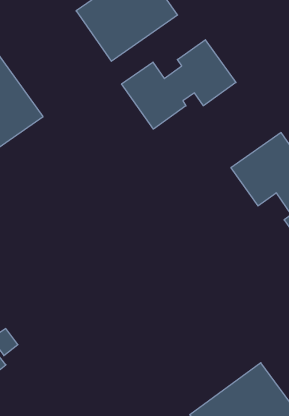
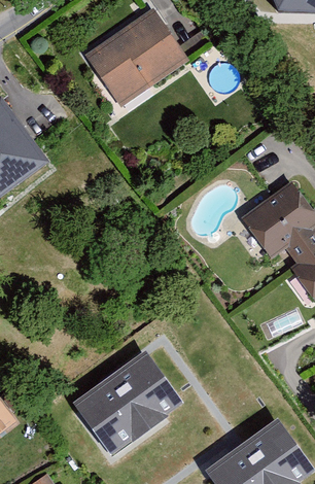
building: [122,40,236,129] -> none
building: none -> [68,348,180,455]

